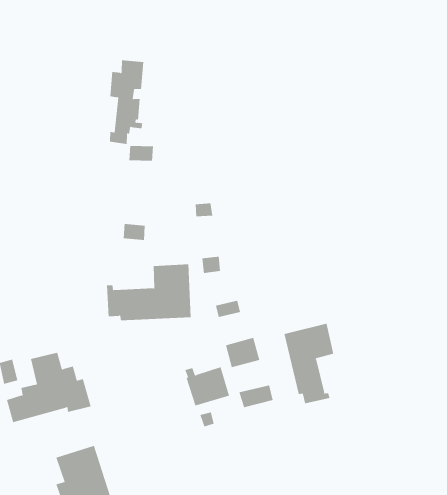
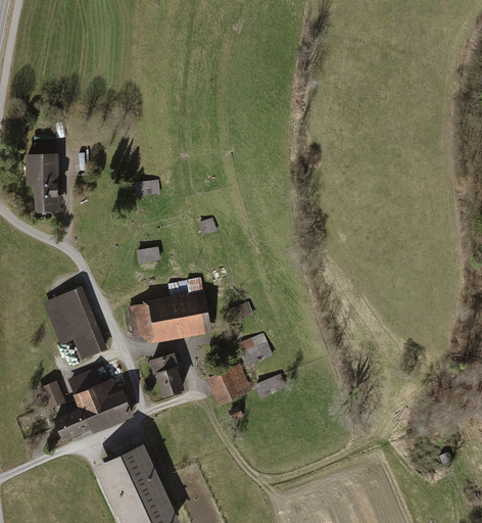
building: [109,60,144,144] -> [27,144,60,219]
building: none -> [47,290,104,355]
building: [284,323,334,404] -> none
building: none -> [150,355,183,393]

